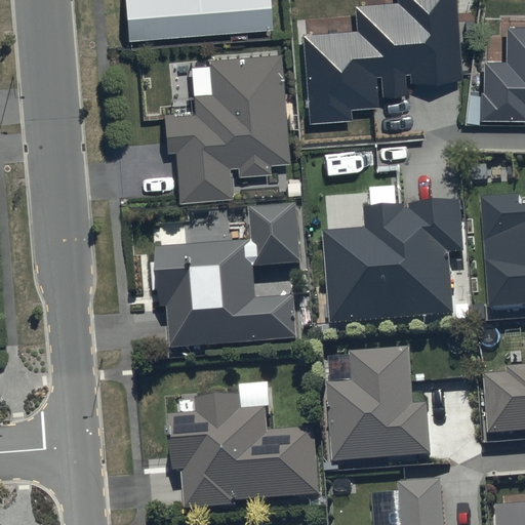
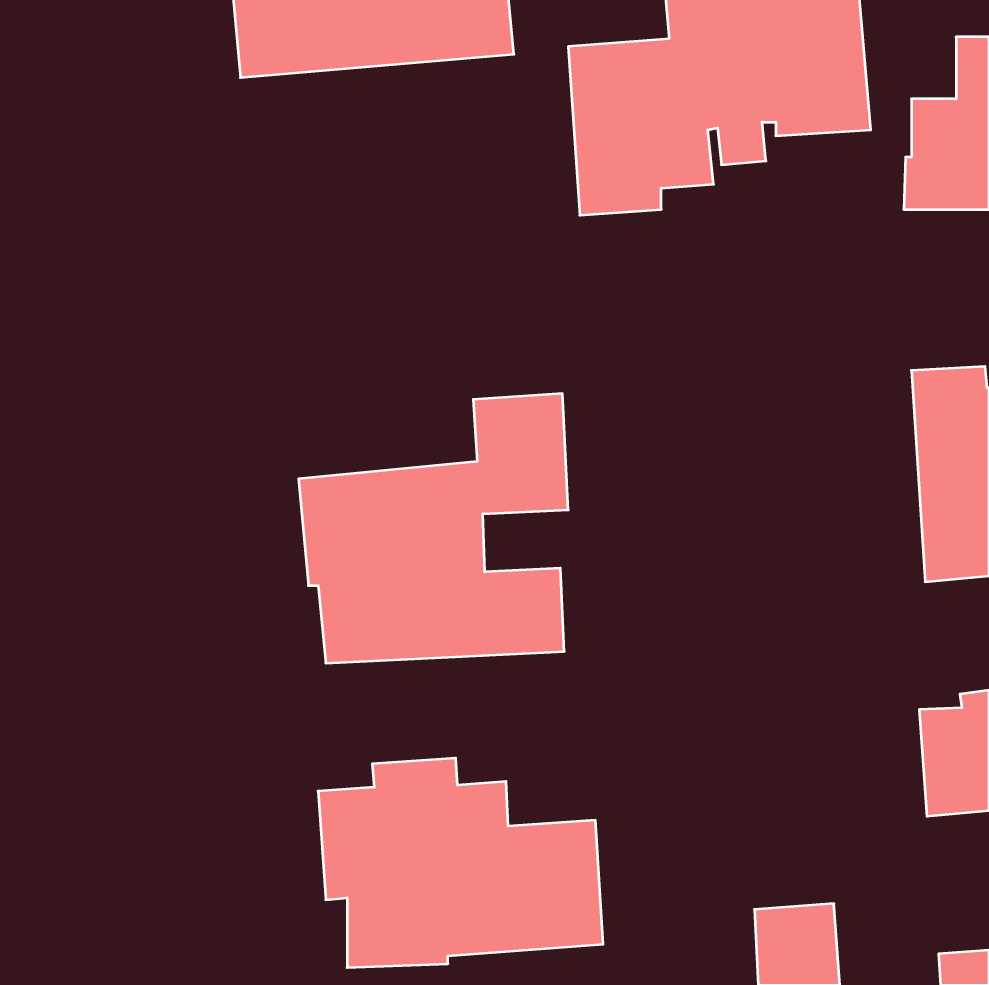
building: [164,51,287,199] -> none
building: [323,199,466,323] -> none
building: [326,347,433,460] -> none

